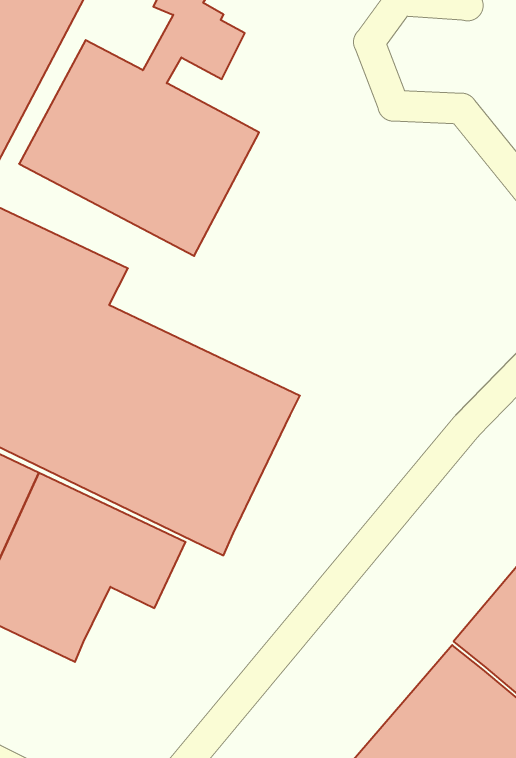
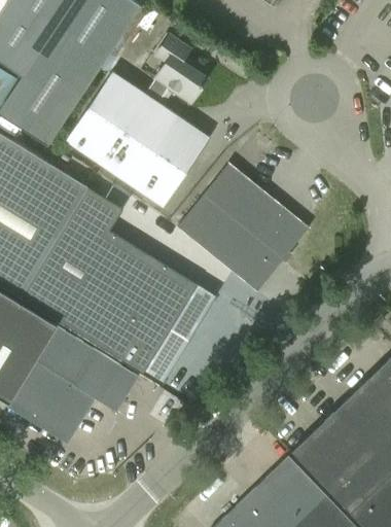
building: none -> [177,163,309,291]

